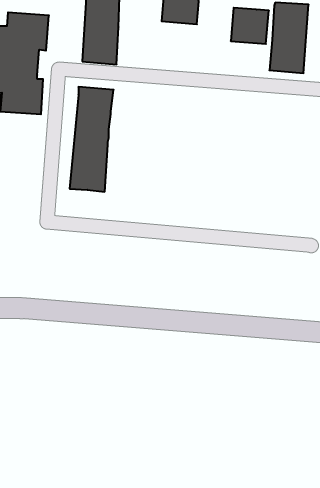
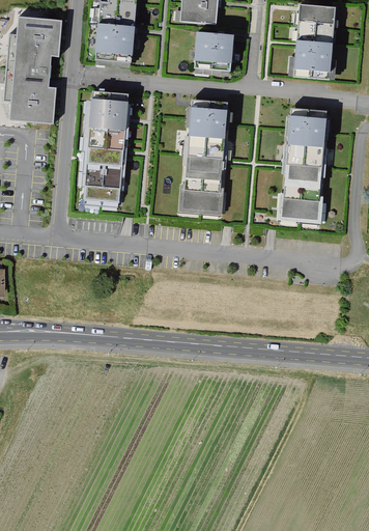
building: [231,8,269,44] -> [195,35,235,74]
building: none -> [181,102,228,216]
building: none -> [281,111,328,224]

